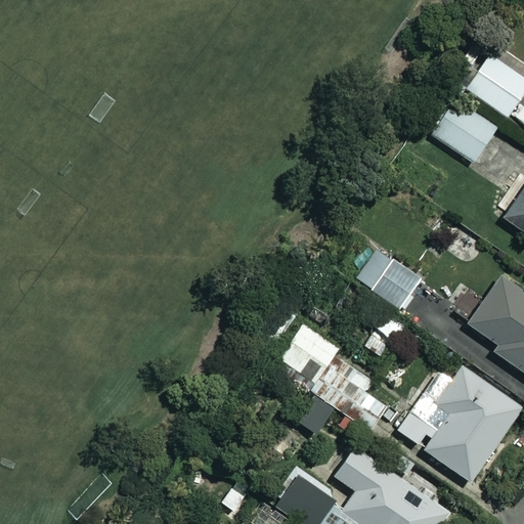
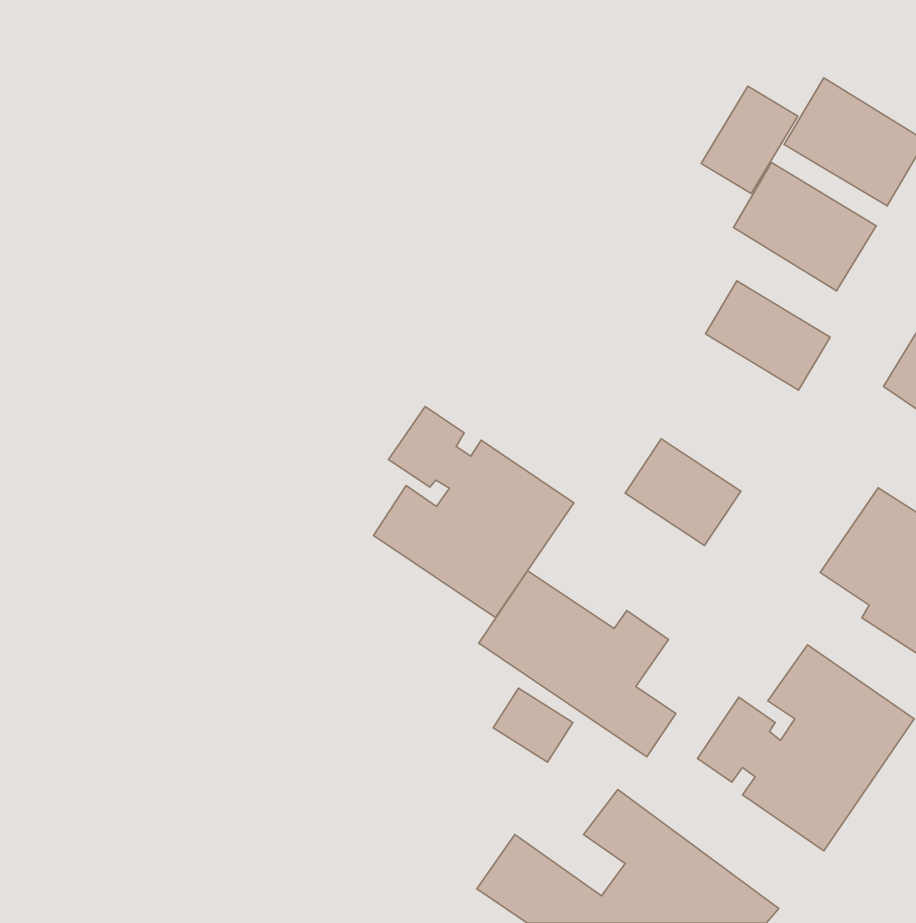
building: none -> [701,86,798,193]
building: none -> [705,281,830,390]
building: none -> [374,406,574,617]

